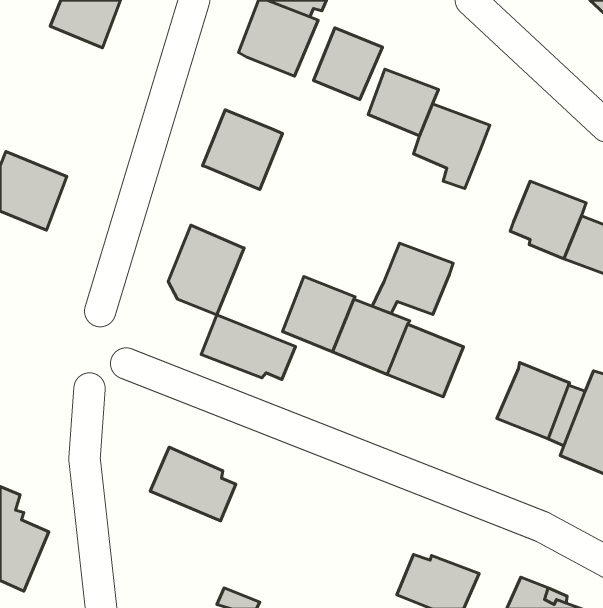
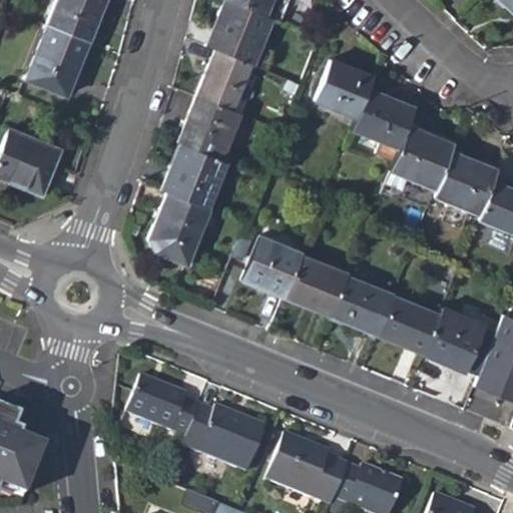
building: none -> [25,23,91,96]
building: [314,28,383,100] -> [194,49,252,109]
building: none -> [158,141,227,209]
building: [372,243,453,315] -> [386,127,454,187]
building: [201,315,296,379] -> none
building: none -> [378,293,441,353]
building: none -> [186,408,269,475]
building: none -> [272,435,353,508]

